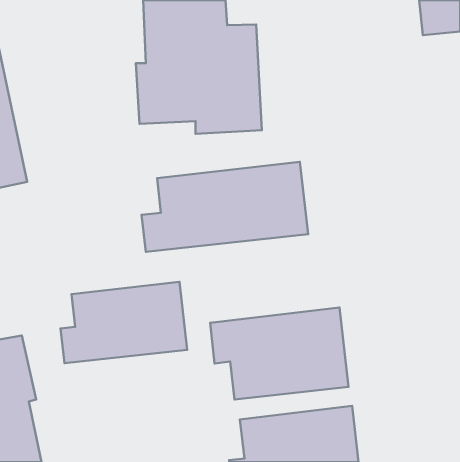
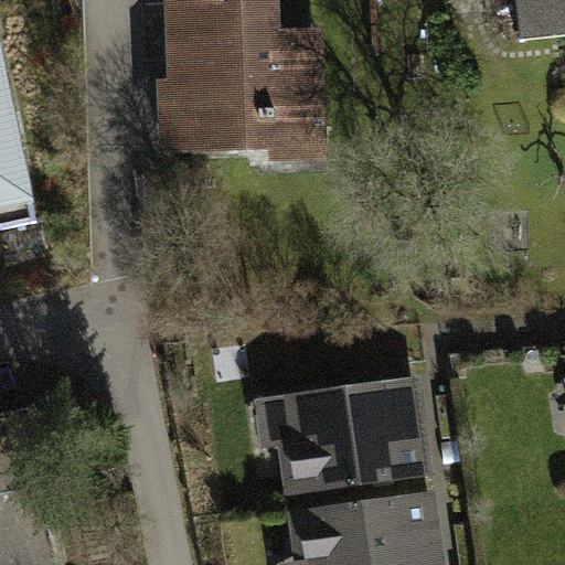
building: [142,162,308,252] -> none
building: [60,282,187,363] -> none

